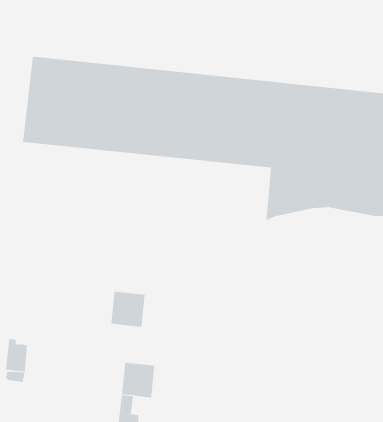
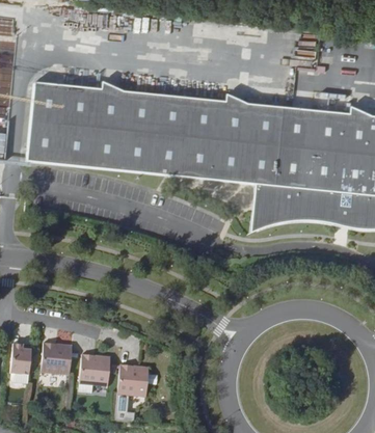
building: [111,291,145,327] -> [80,352,112,385]
building: none -> [42,340,73,374]

